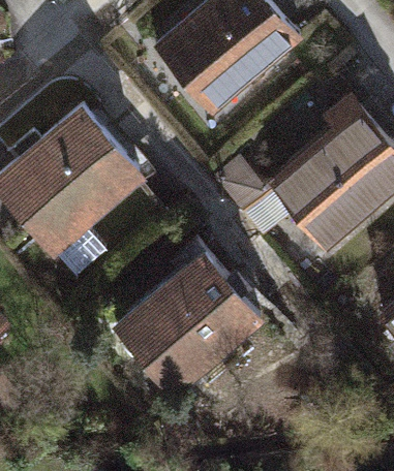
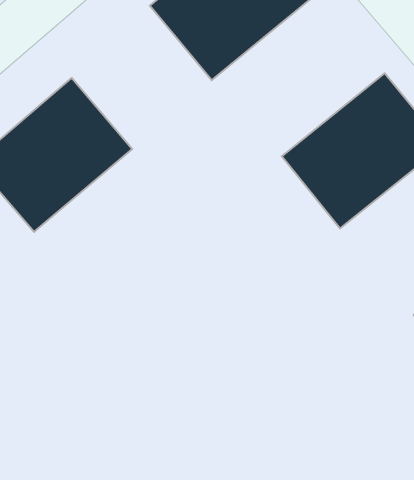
building: [116,238,257,388] -> none

